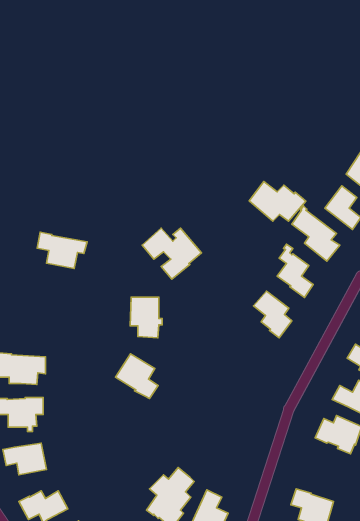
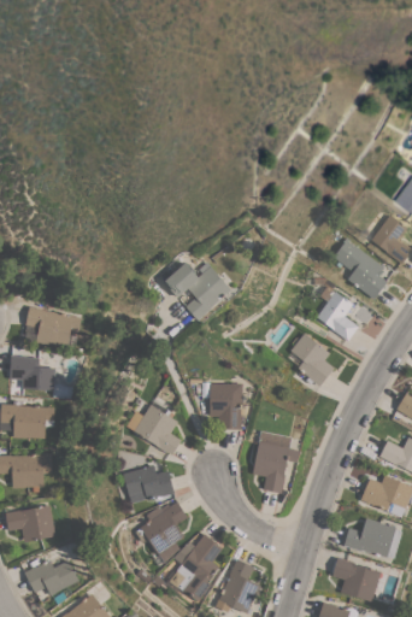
building: [249,181,306,221] -> none
building: [37,232,87,268] -> [24,306,81,347]
building: [130,297,162,338] -> [208,383,245,429]
building: none -> [8,355,54,389]
building: none -> [252,430,290,493]
building: none -> [122,464,173,504]
building: none -> [134,500,187,562]
building: none -> [343,517,401,558]

